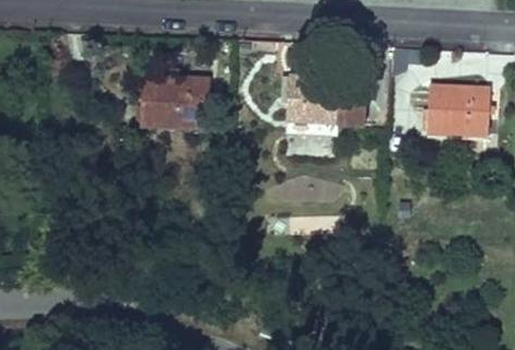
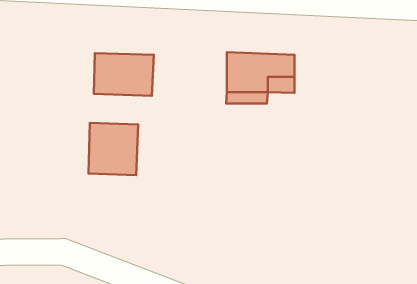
building: [429,86,501,132] -> none
building: none -> [89,123,138,175]

